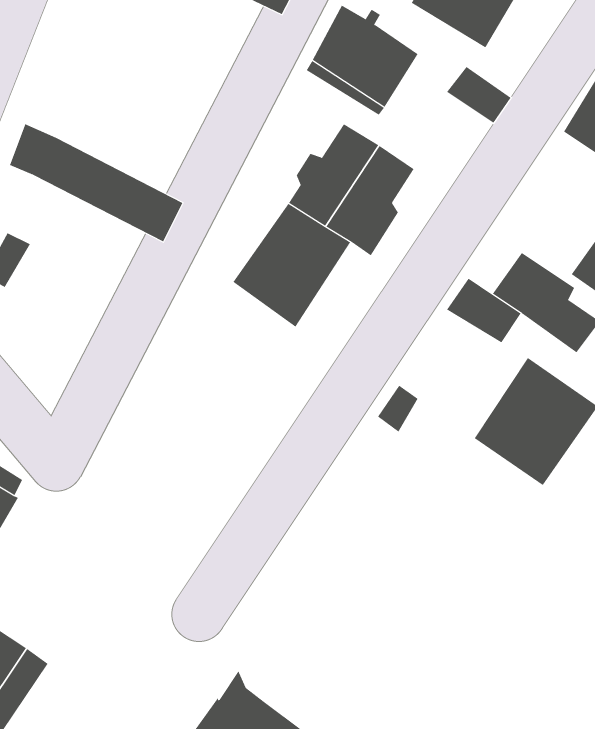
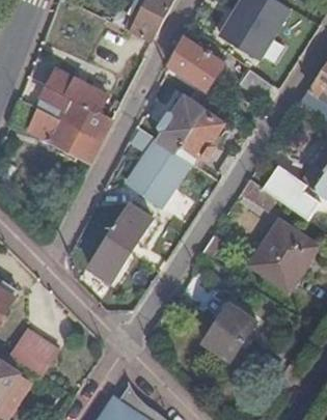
building: none -> [34,68,111,141]
building: none -> [84,200,151,282]
building: none -> [206,305,257,360]
building: none -> [10,330,59,376]

